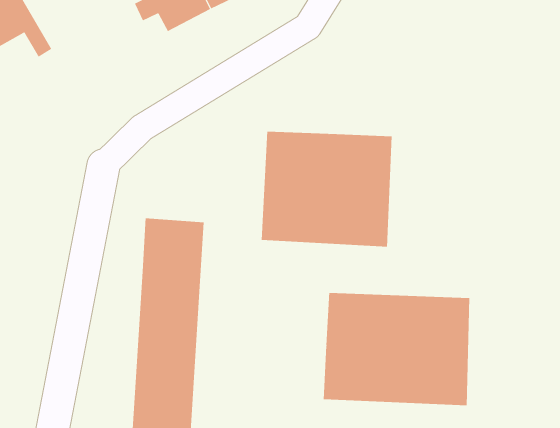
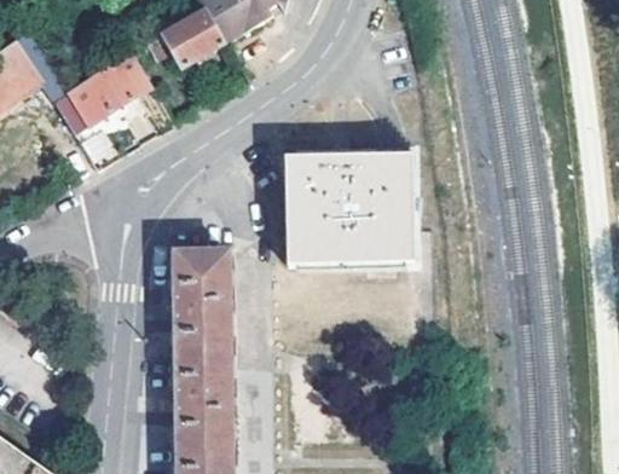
building: none -> [53,54,150,133]
building: [323,292,470,406] -> none

